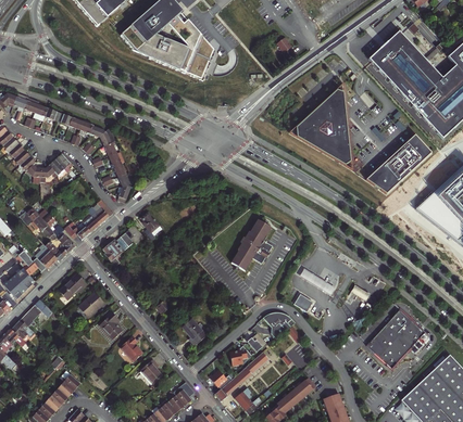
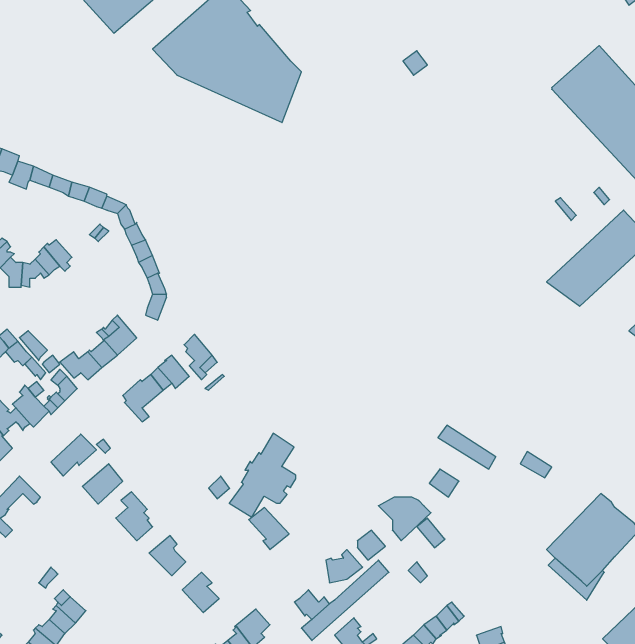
building: [296,89,350,163] -> none
building: [230,219,272,271] -> [229,433,296,517]

